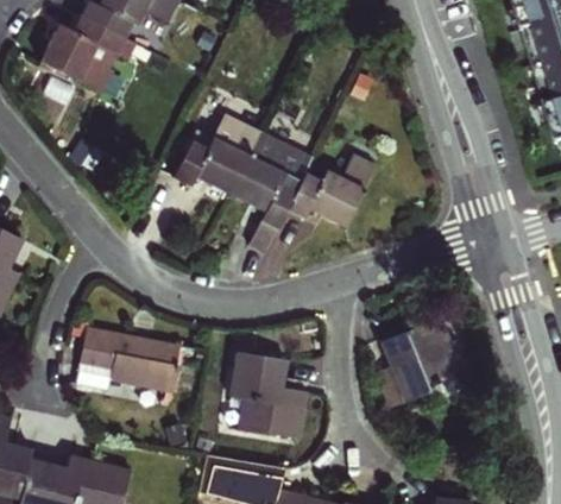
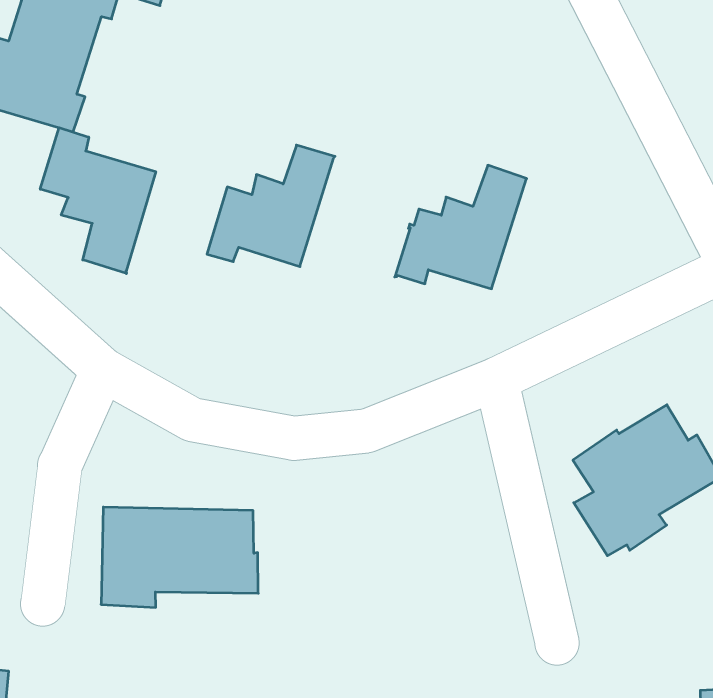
building: none -> [40,128,156,274]
building: [231,132,314,252] -> none
building: [229,351,308,436] -> none

